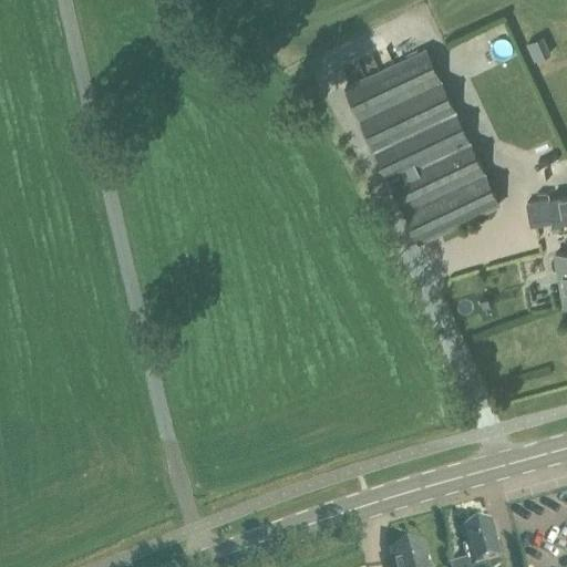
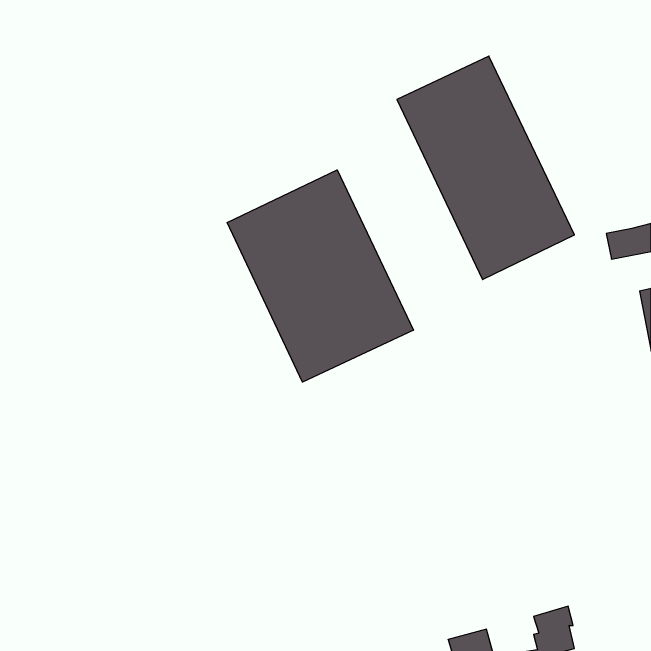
building: none -> [227,170,413,382]

